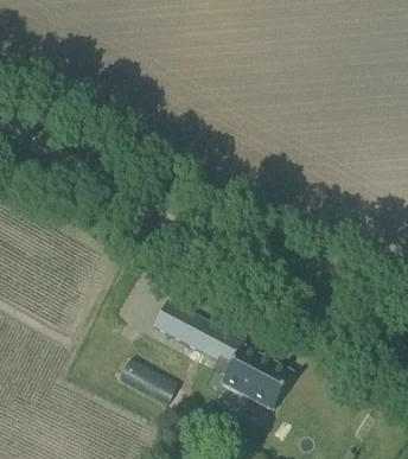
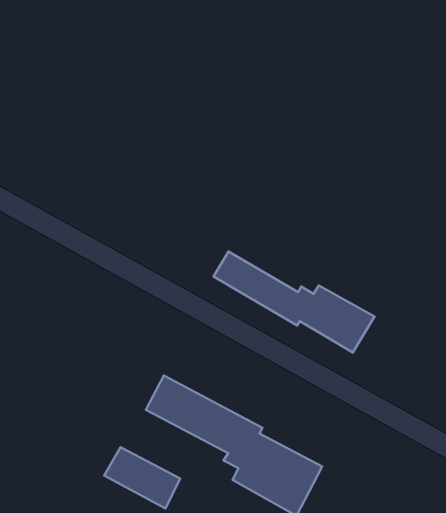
building: none -> [213,251,375,352]

